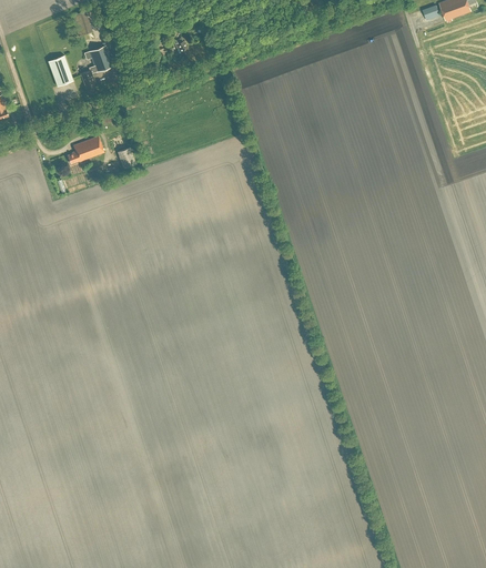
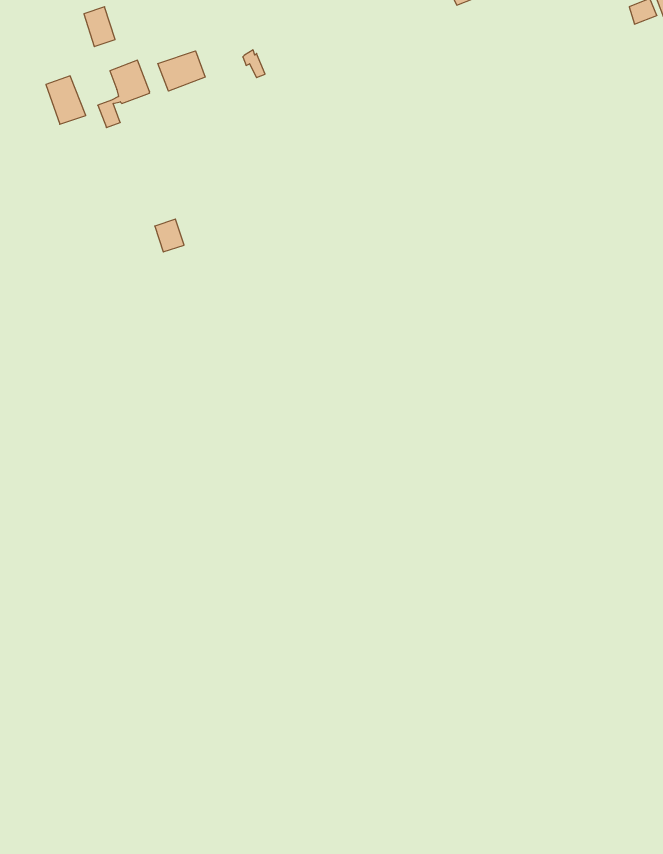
building: none -> [158,51,205,91]
building: [68,135,104,163] -> none

